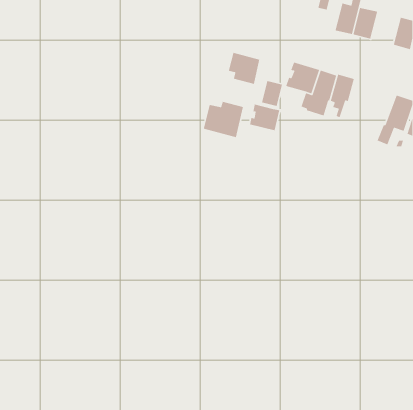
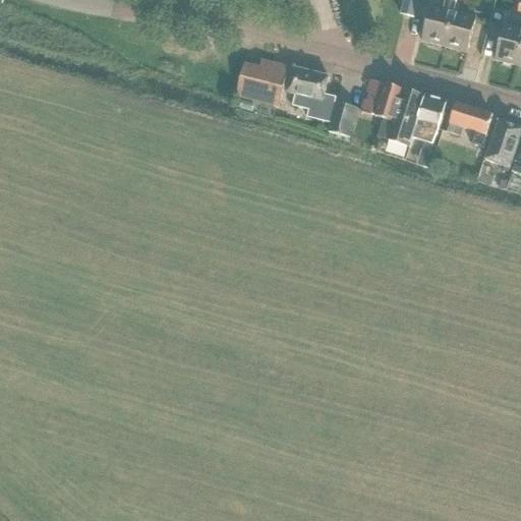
building: none -> [447,102,498,147]
building: [203,101,244,138] -> [236,57,288,104]
building: [249,103,280,131] -> none

